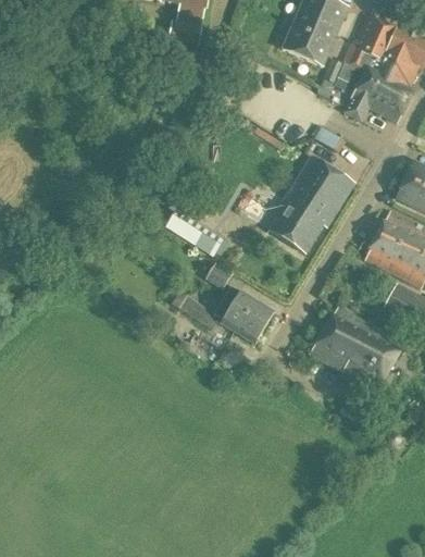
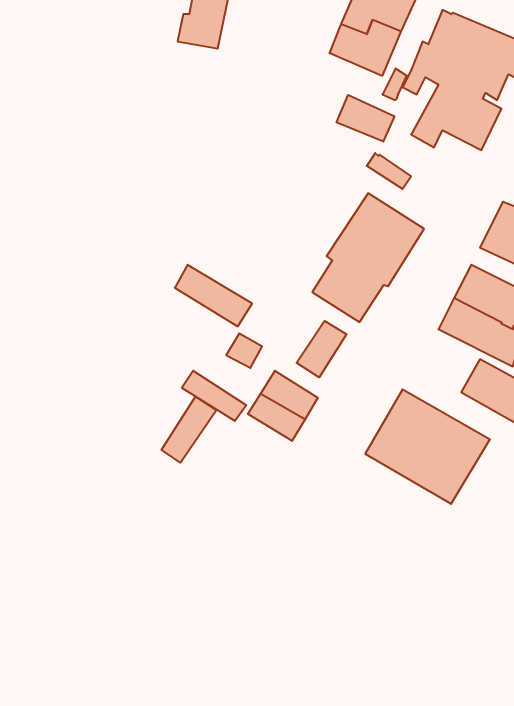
building: none -> [337,95,394,142]
building: none -> [297,321,346,377]
building: none -> [161,396,216,463]

